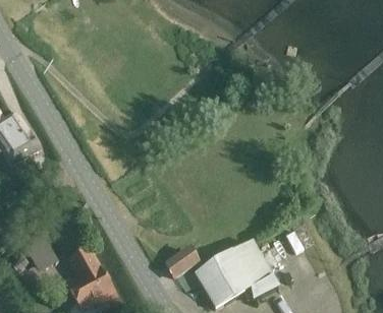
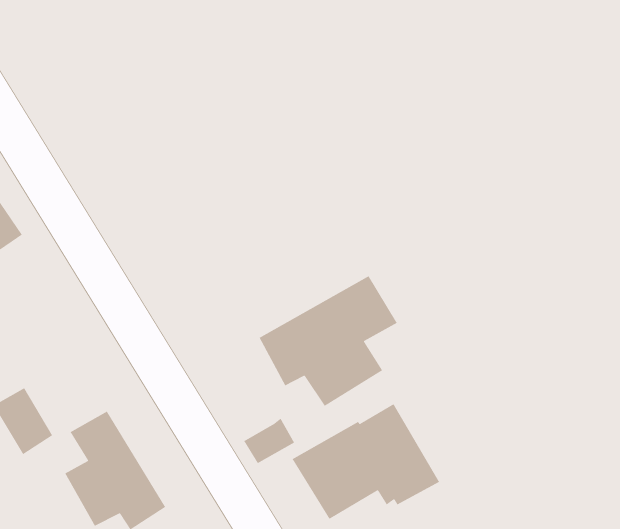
building: none -> [259,275,398,407]

